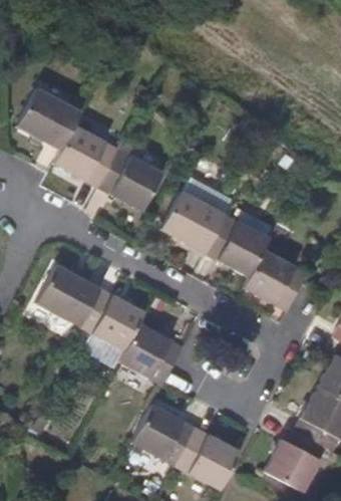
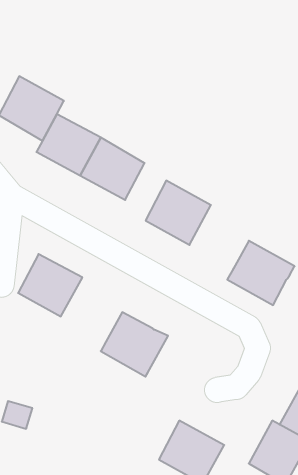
building: [205,215,269,277] -> none
building: [78,286,143,349] -> none
building: [131,403,195,465] -> none

